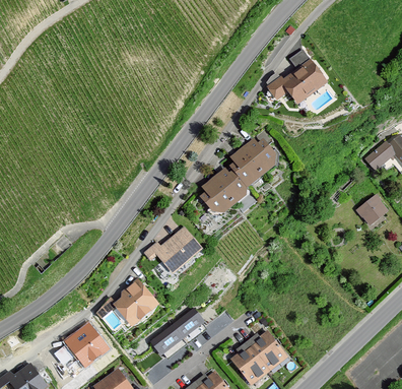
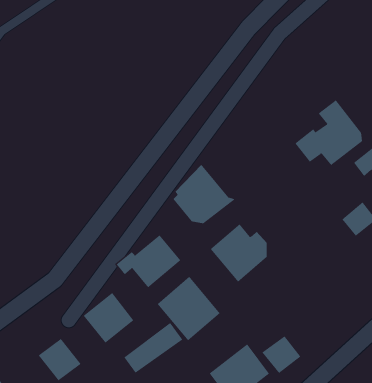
building: [262,45,327,108] -> [294,99,363,166]
building: [222,134,277,190] -> [210,224,268,282]
building: none -> [157,276,220,341]
building: none -> [262,335,301,374]

